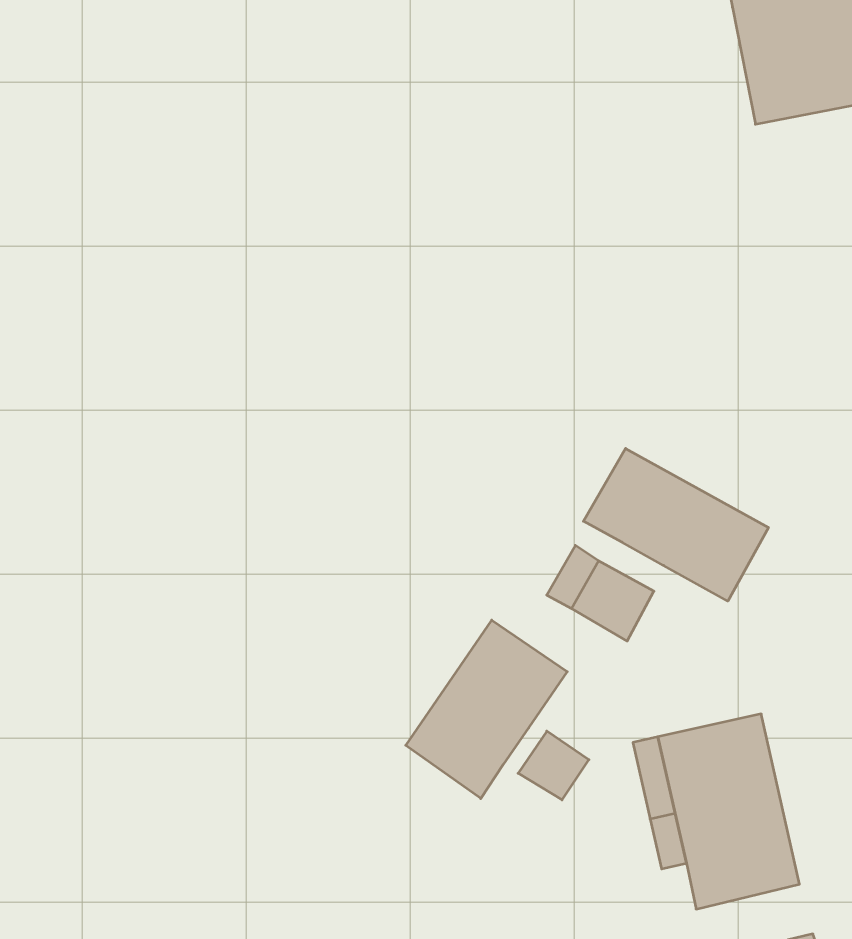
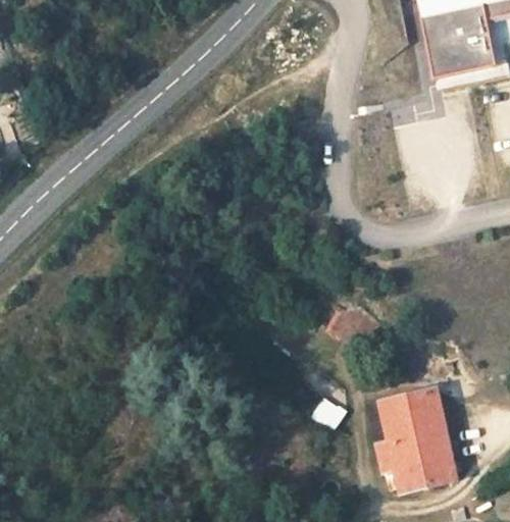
building: [583,448,768,601] -> none
building: [406,620,567,799] -> none

